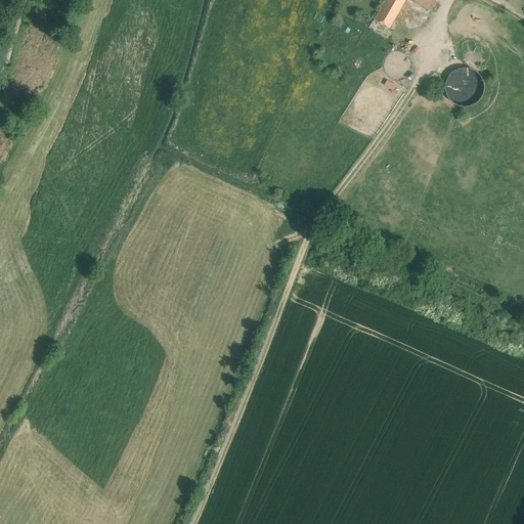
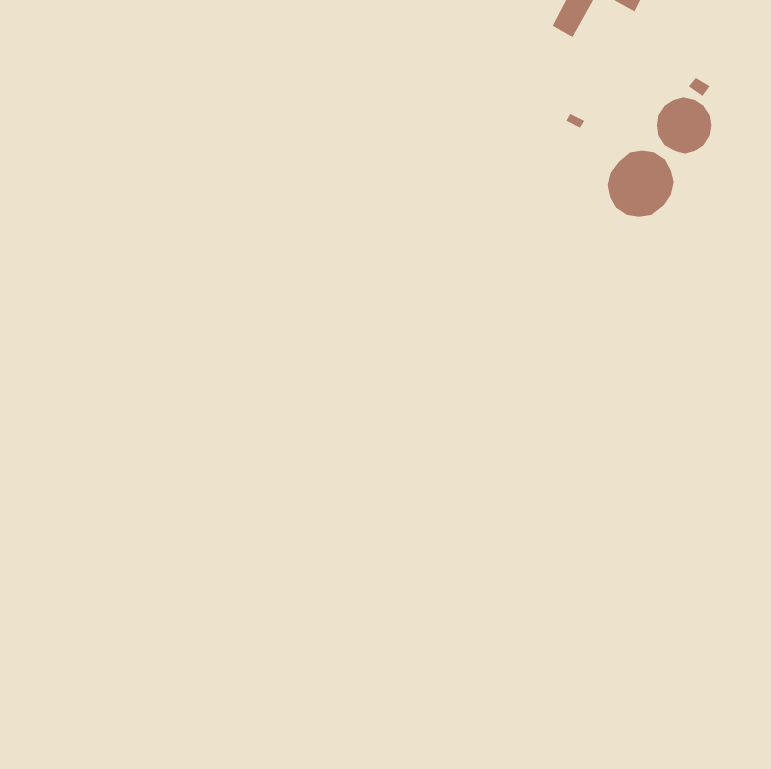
building: none -> [607,150,674,218]

